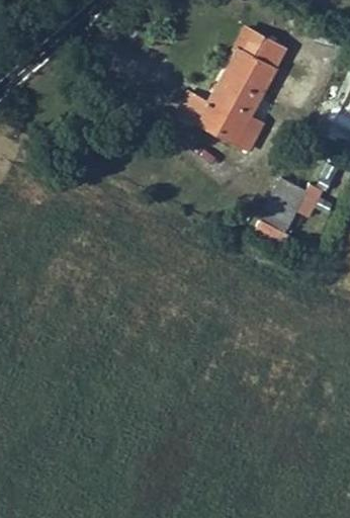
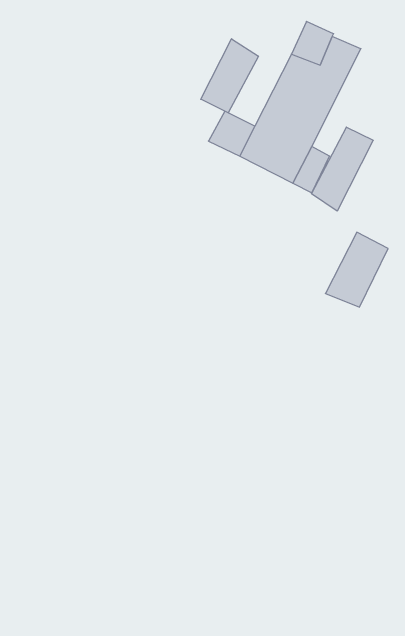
building: none -> [201,39,258,113]
building: none -> [311,127,373,211]

